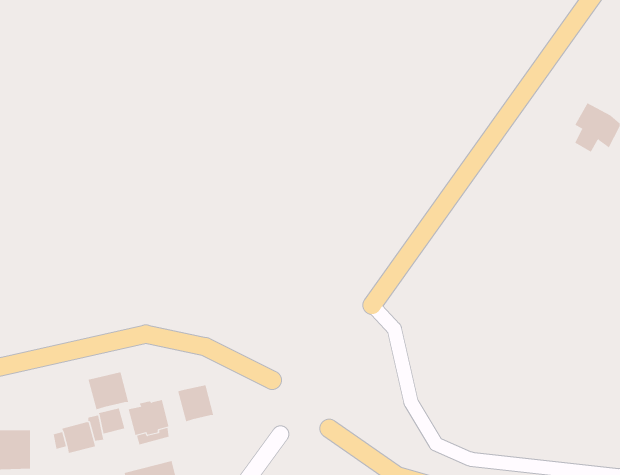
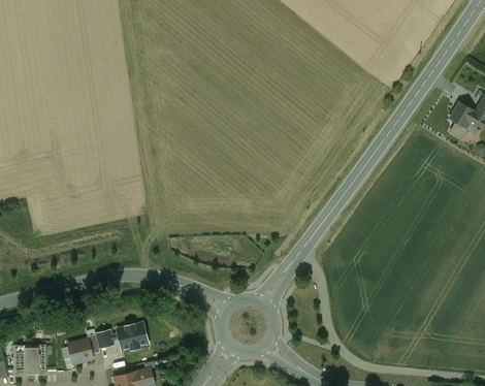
building: [88,372,129,410] -> none
building: [178,384,214,422] -> none

